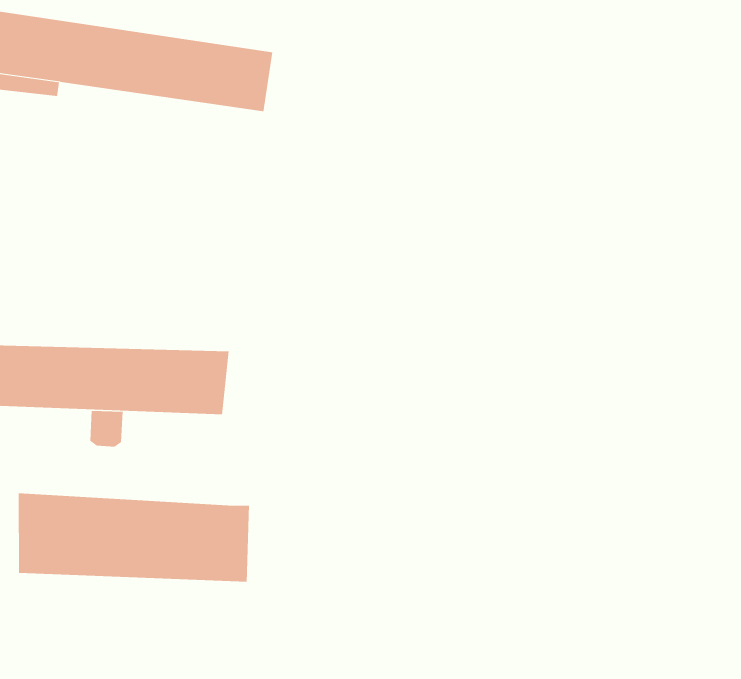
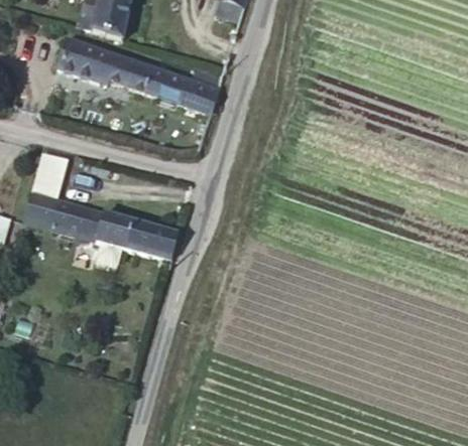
building: [18,492,250,582] -> none

